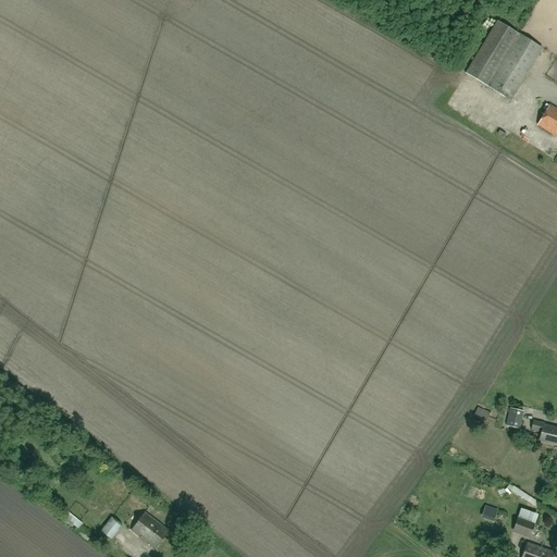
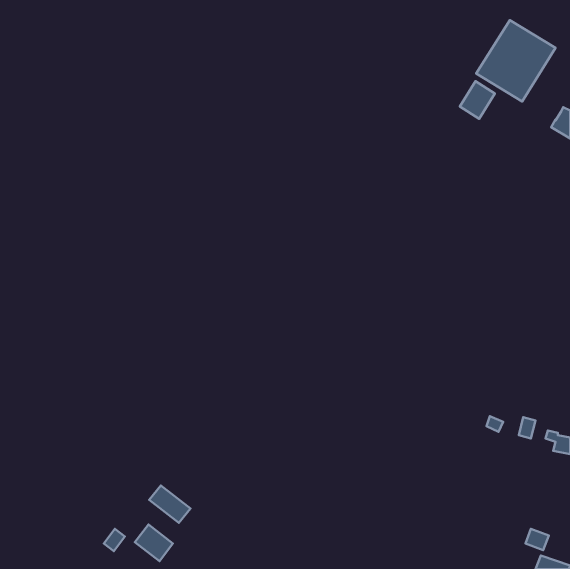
building: none -> [460,81,495,119]
building: none -> [149,485,191,523]

